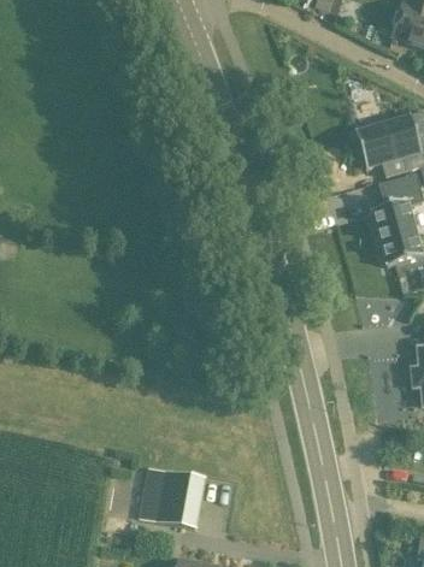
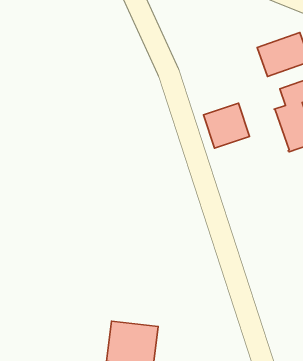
building: none -> [204,103,250,148]

